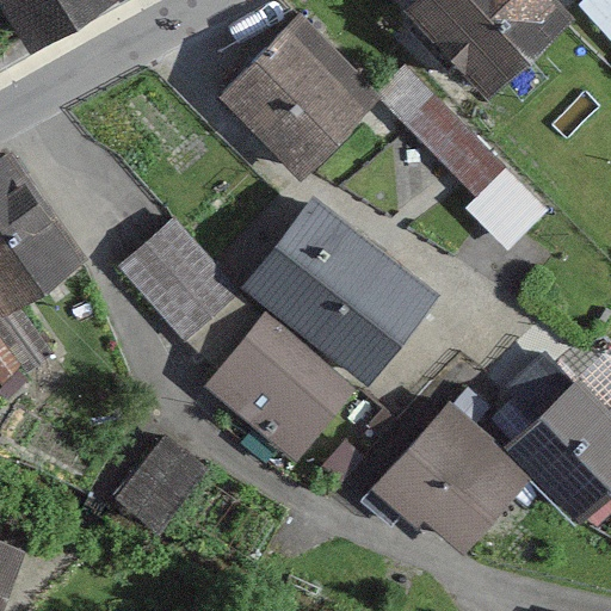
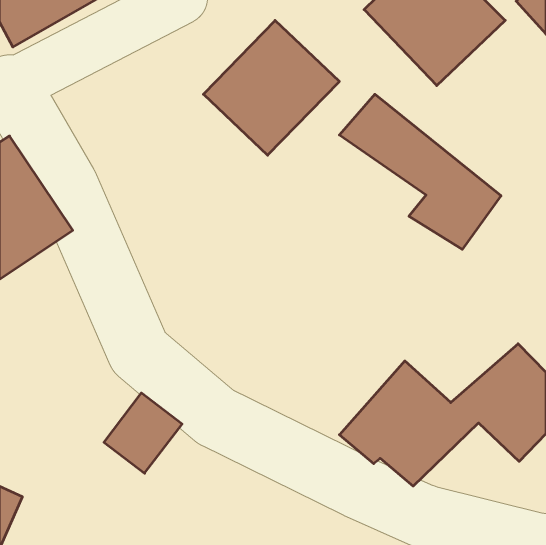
building: [247,195,440,382] -> none
building: [123,223,241,342] -> none
building: [203,317,358,468] -> none

